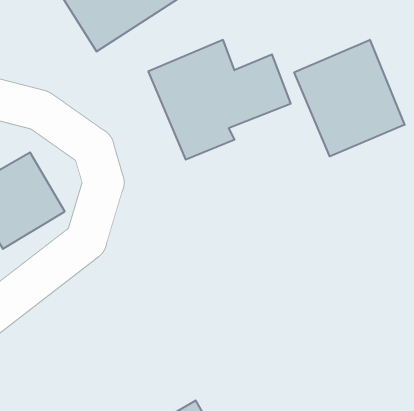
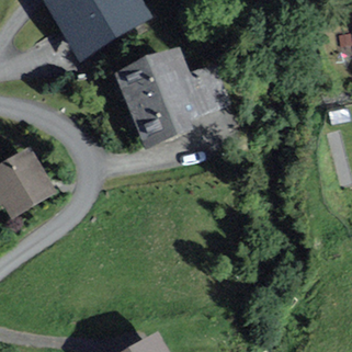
building: [294,40,405,156] -> none

